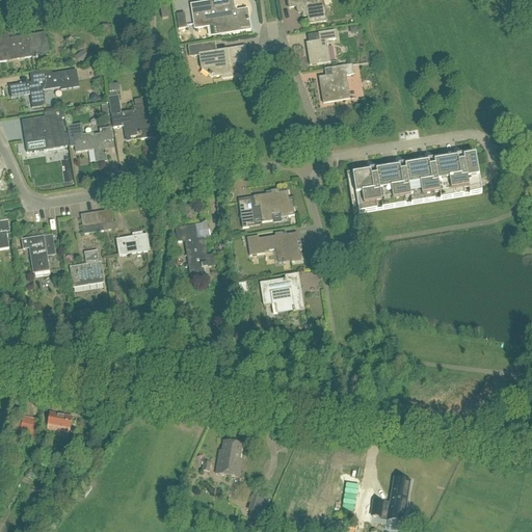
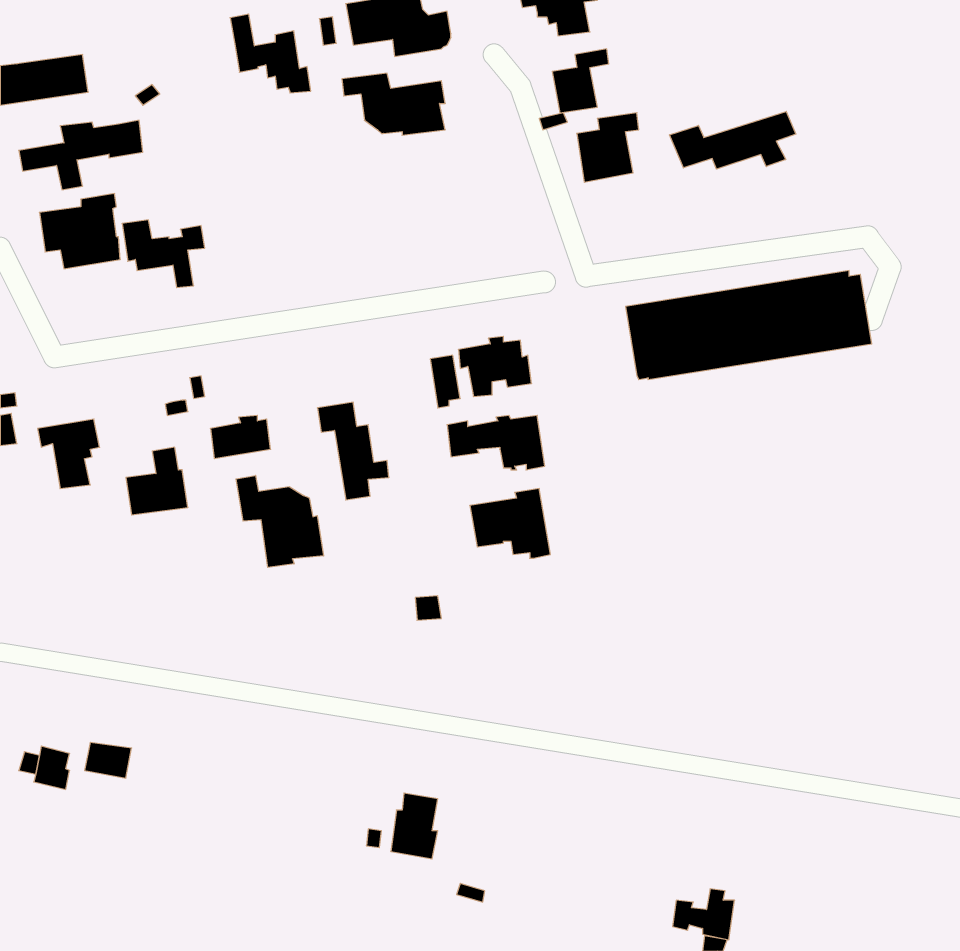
building: none -> [670,111,796,169]
building: [108,92,153,136] -> [230,14,311,93]
building: none -> [236,475,324,567]

